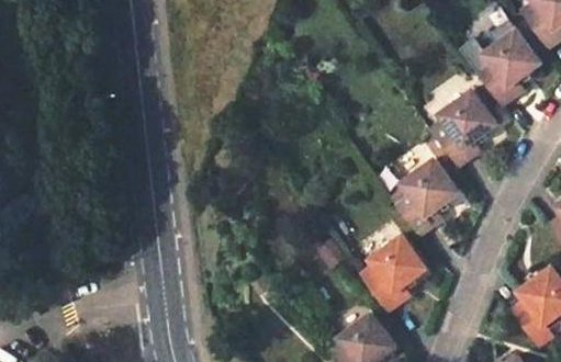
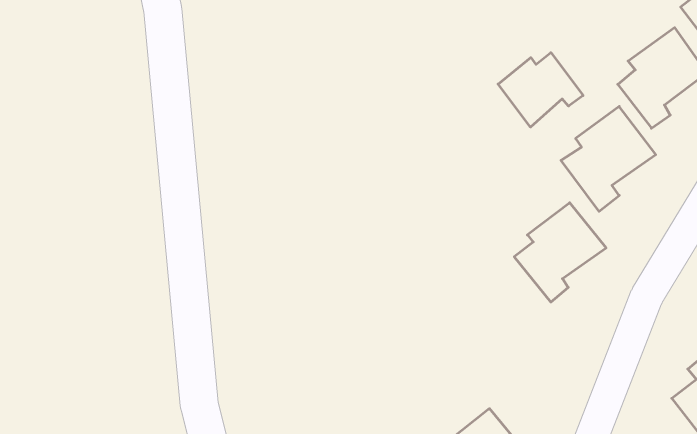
building: none -> [498,53,583,127]
building: [361,236,428,312] -> none

